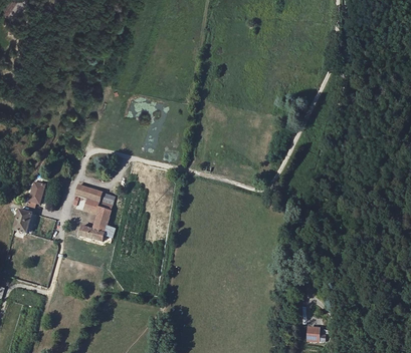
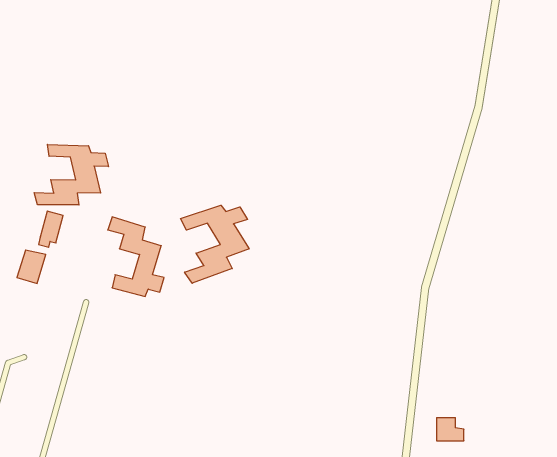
building: none -> [34,144,108,205]
building: none -> [181,205,249,283]

